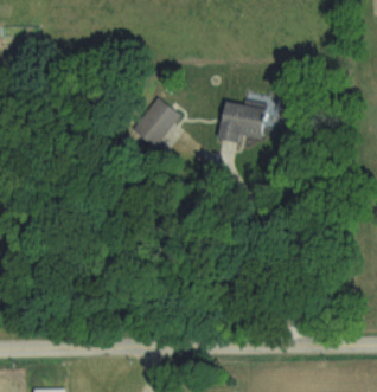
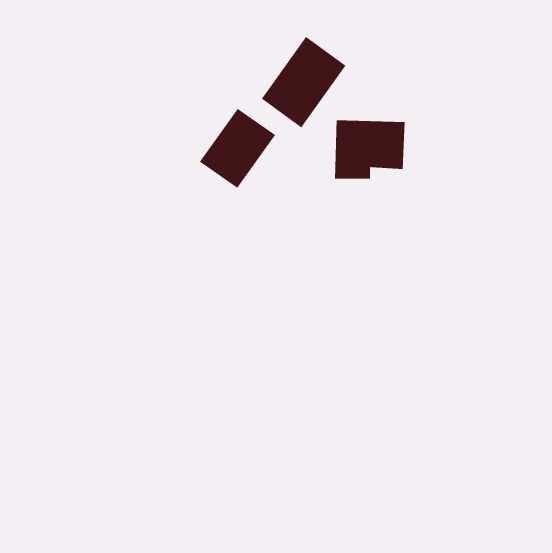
building: none -> [261,36,347,128]

